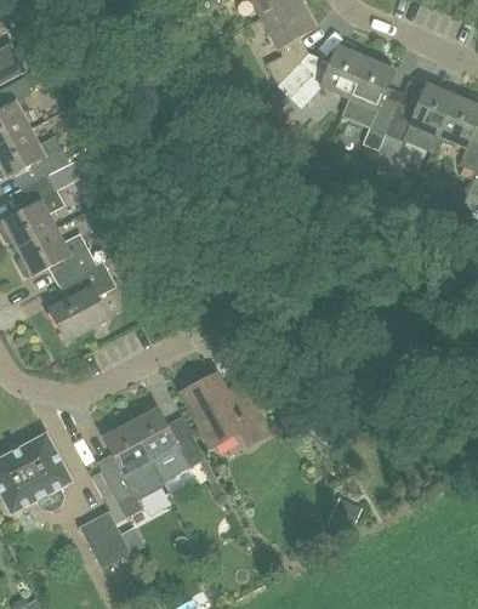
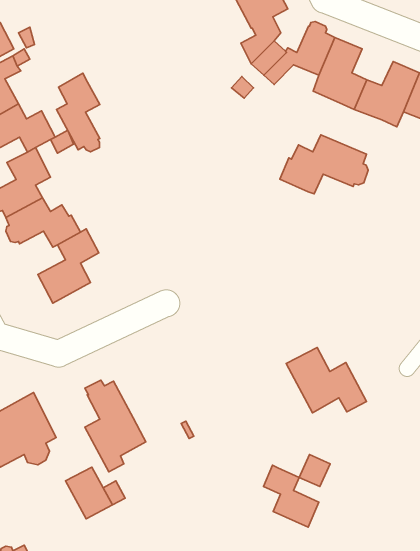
building: none -> [56,73,100,152]
building: none -> [280,135,368,194]
building: [182,375,267,444] -> [286,348,366,413]
building: [130,406,204,480] -> none
building: none -> [264,465,319,527]

